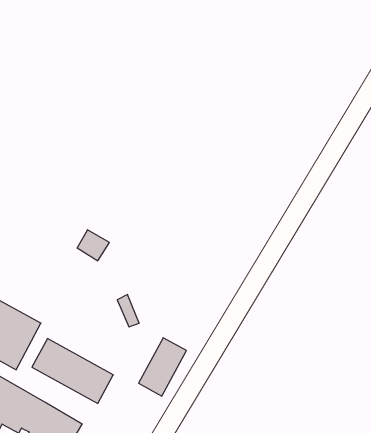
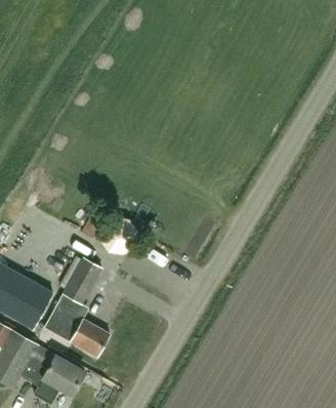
building: [139,338,186,396] -> [62,258,100,304]

